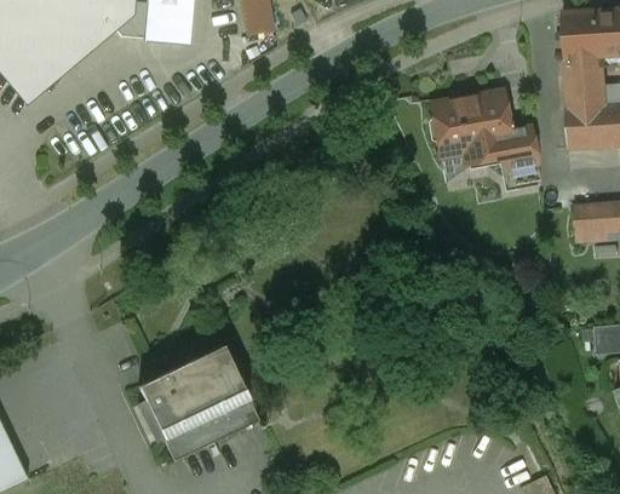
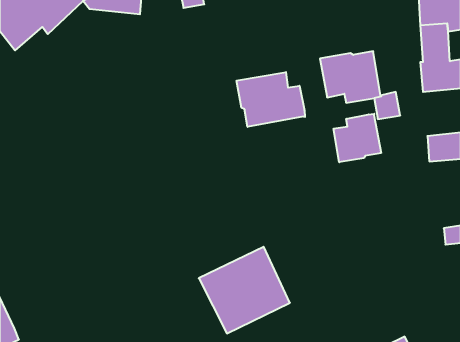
building: none -> [237,72,305,127]
building: none -> [334,114,381,162]
building: [136,345,258,461] -> [199,247,290,333]

